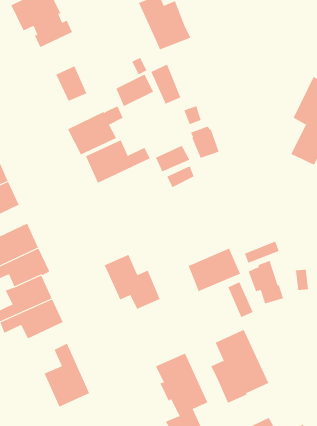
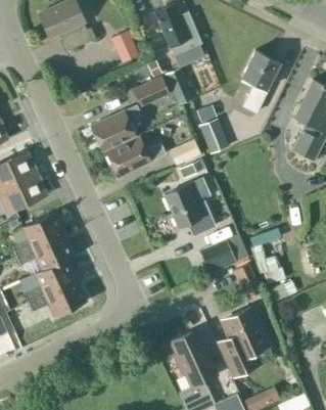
building: none -> [241,50,280,112]
building: [56,65,87,102] -> [111,31,140,63]
building: [104,254,160,309] -> [164,185,215,235]
building: [44,343,90,408] -> none

